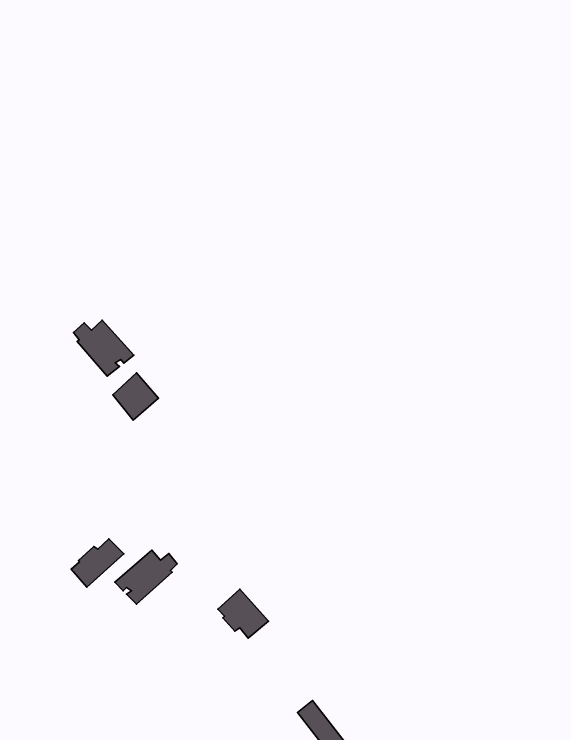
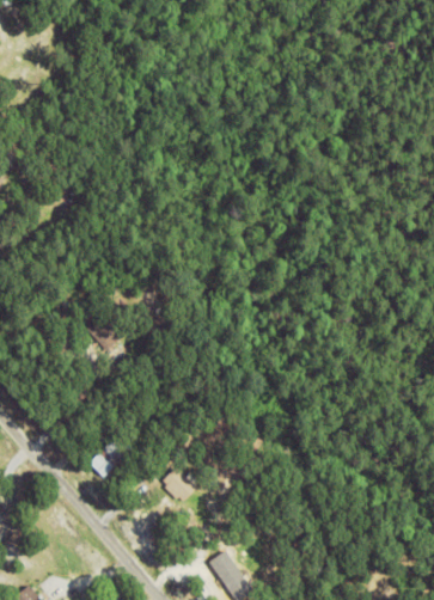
building: [74,320,134,376] -> none
building: [71,539,124,587] -> none

